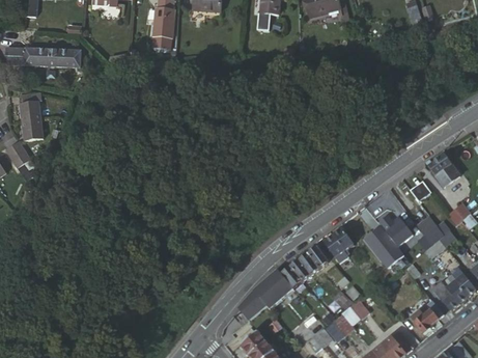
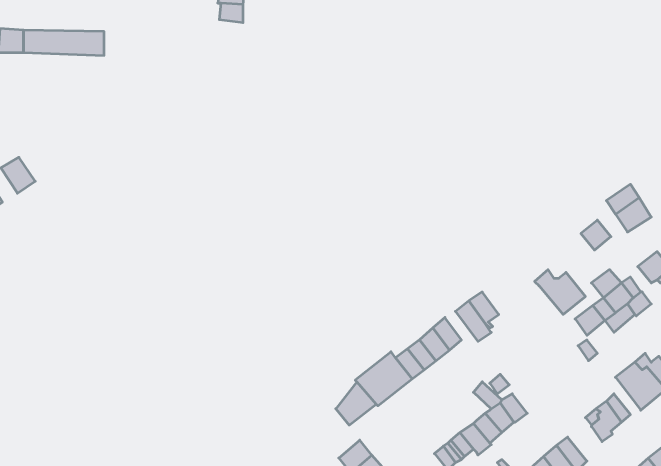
building: [19,85,44,136] -> none
building: [363,225,403,267] -> none

